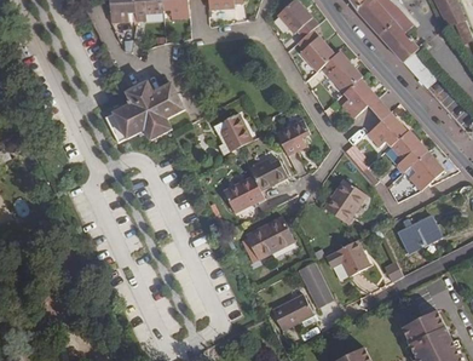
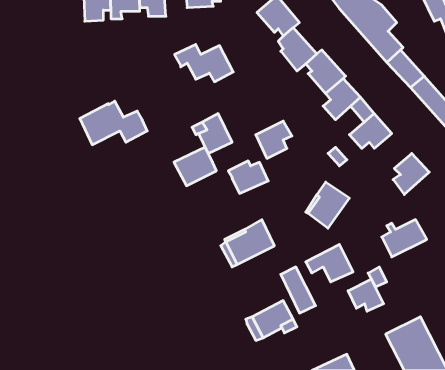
building: [126,81,183,118] -> [175,44,233,82]
building: [390,128,426,171] -> none
building: [221,174,263,212] -> [174,147,216,186]
building: none -> [348,279,384,311]

